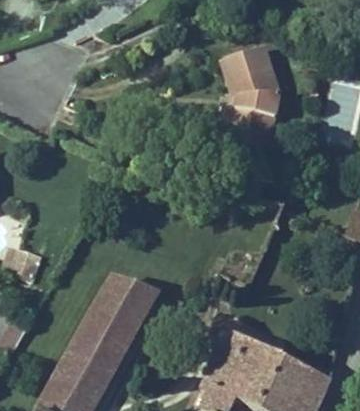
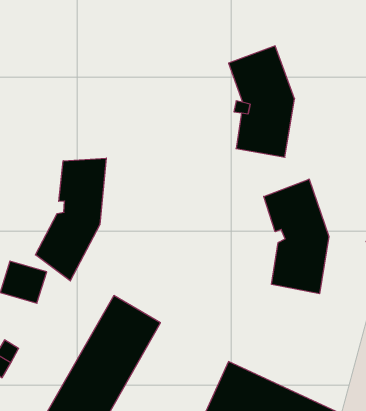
building: none -> [35,158,106,281]
building: none -> [264,179,329,294]

